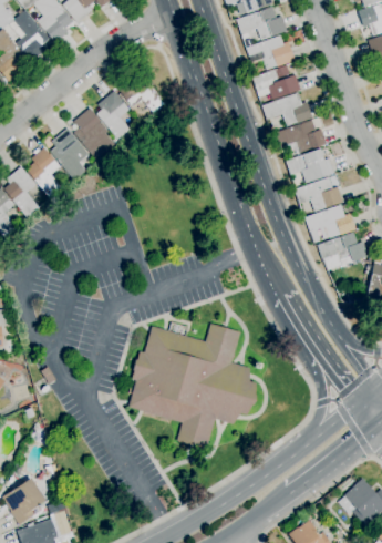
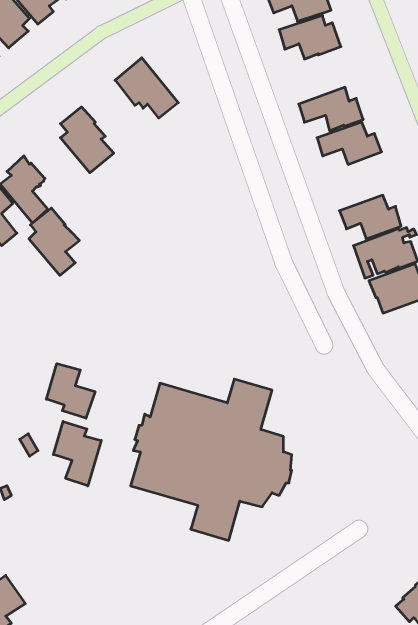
building: [251,65,300,99] -> none
building: [96,90,132,142] -> none
building: [50,127,90,181] -> [29,208,79,275]
building: [285,148,333,183] -> none
building: none -> [46,364,95,418]
building: none -> [53,421,101,486]

